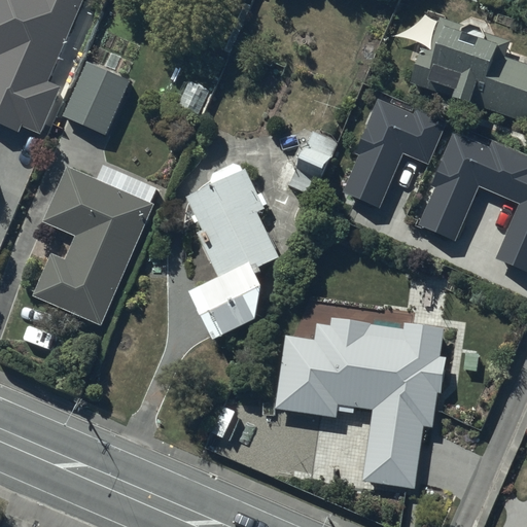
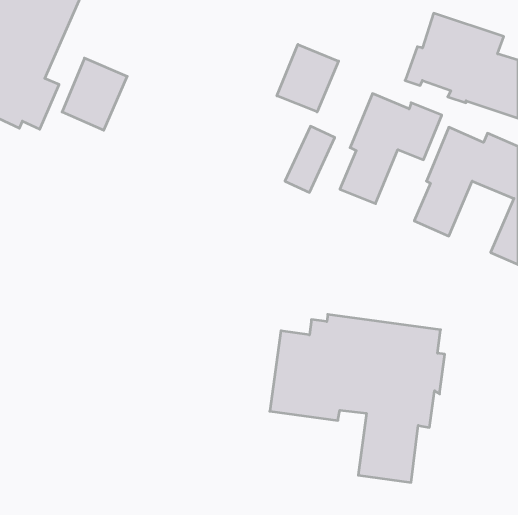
building: none -> [277,44,339,112]
building: [185,160,280,348] -> none
building: [35,170,152,328] -> none

